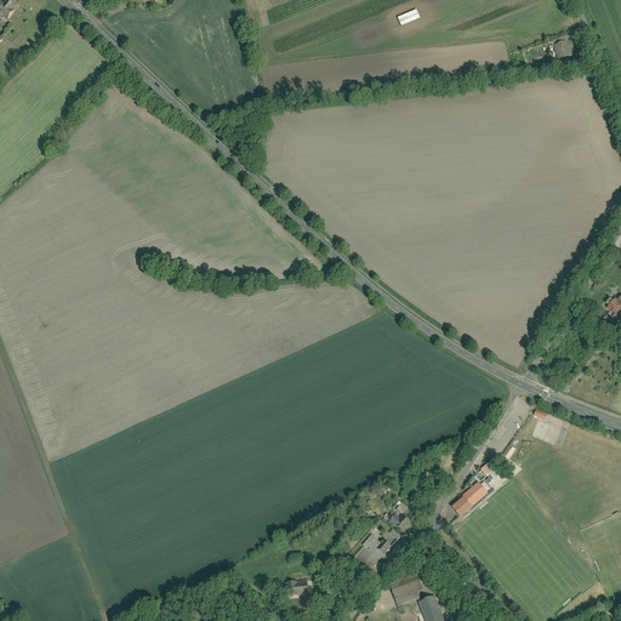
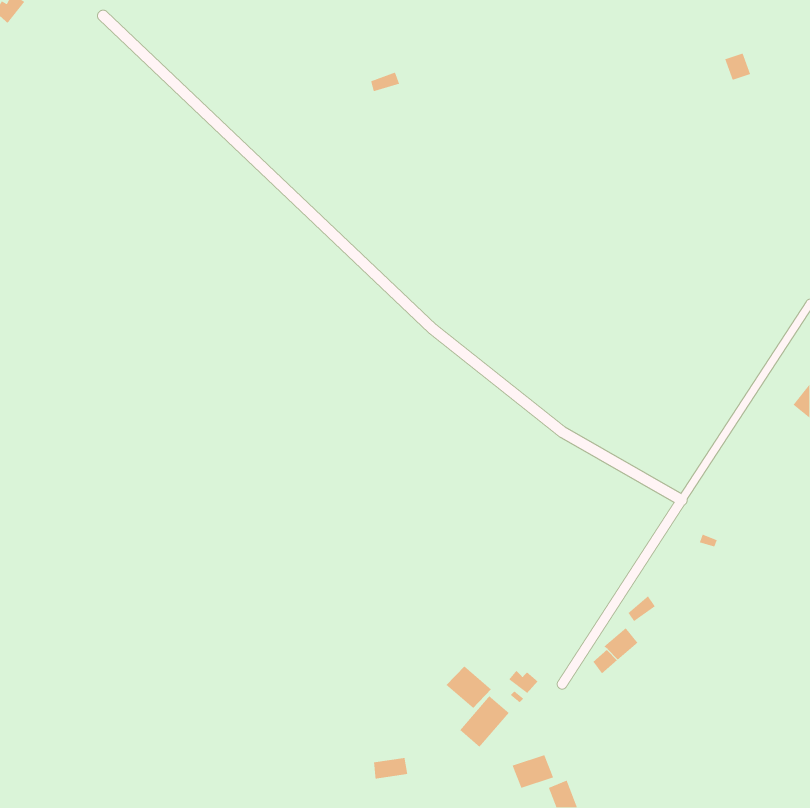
building: none -> [446,666,492,709]

